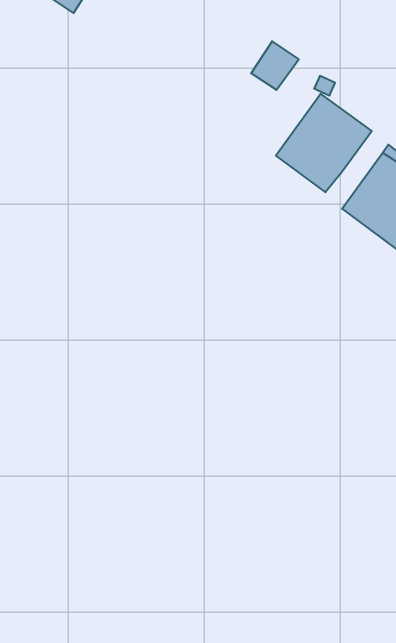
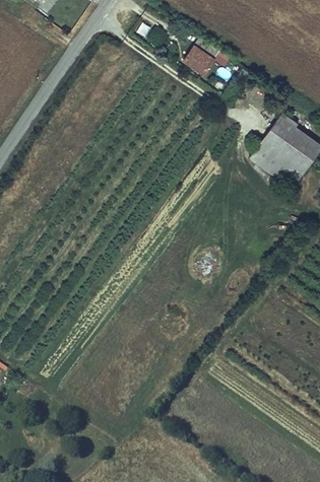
building: [276,94,372,192] -> none

